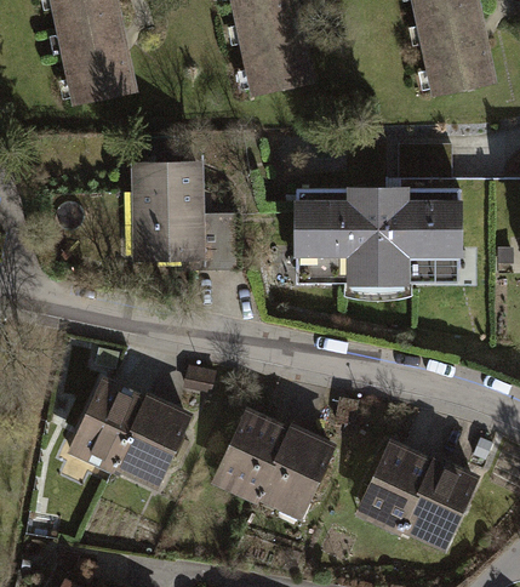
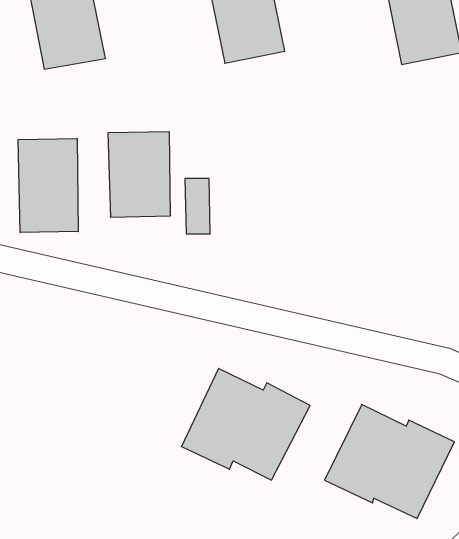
building: none -> [18,138,78,233]
building: [297,188,459,283] -> none
building: [65,374,193,488] -> none

